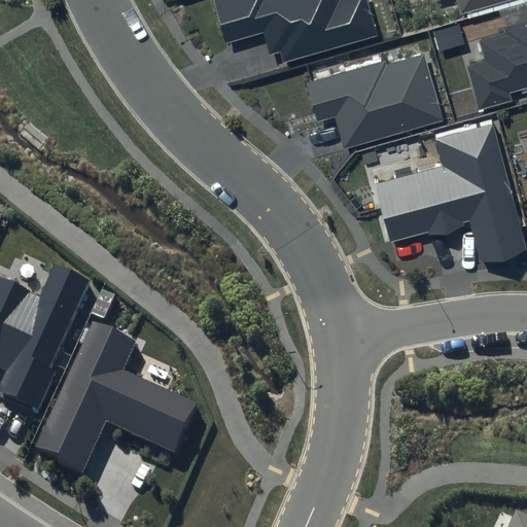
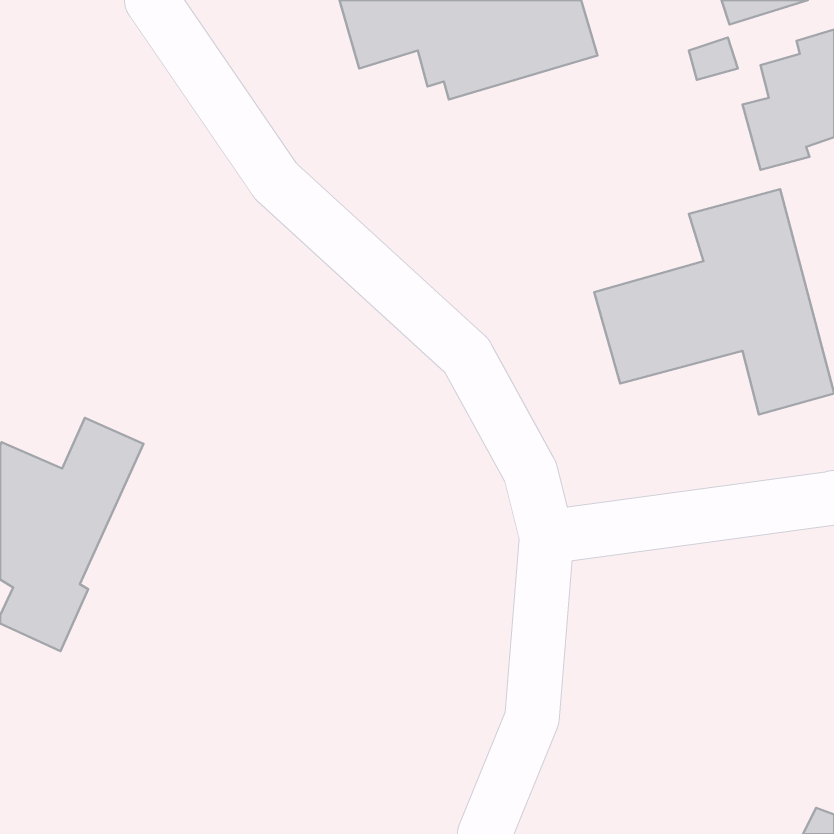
building: [307,55,442,147] -> none
building: [34,321,197,471] -> none

